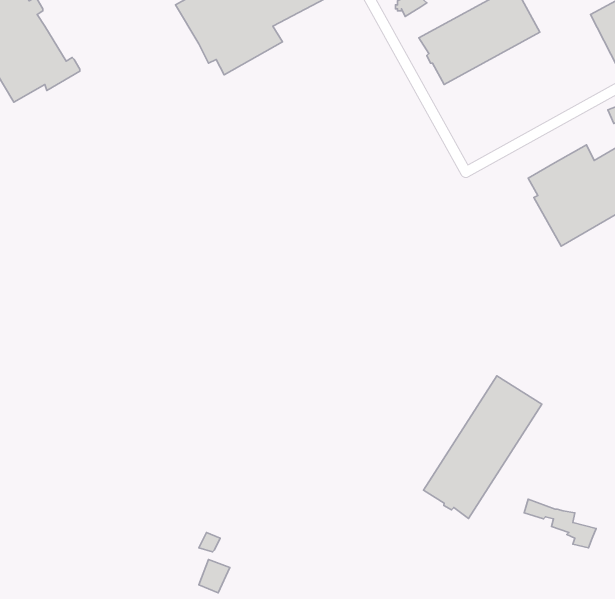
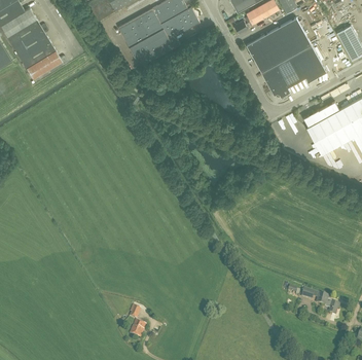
building: none -> [260,41,327,96]
building: [424,376,542,518] -> none

